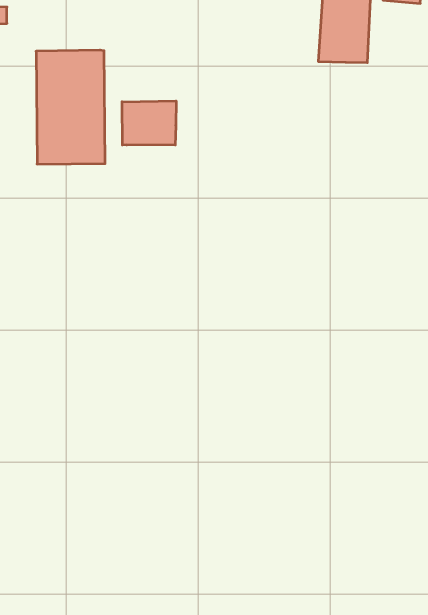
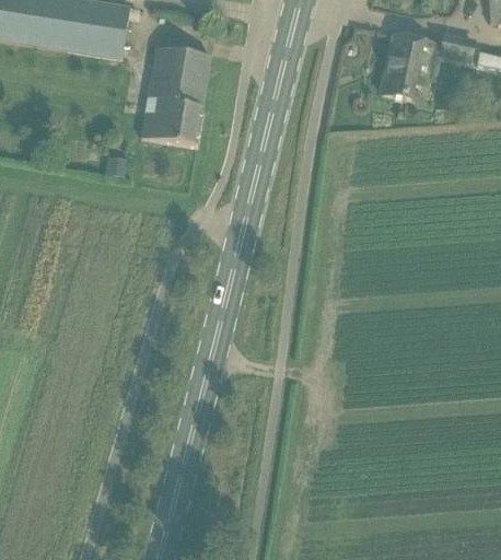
building: [122,101,176,145] -> none

